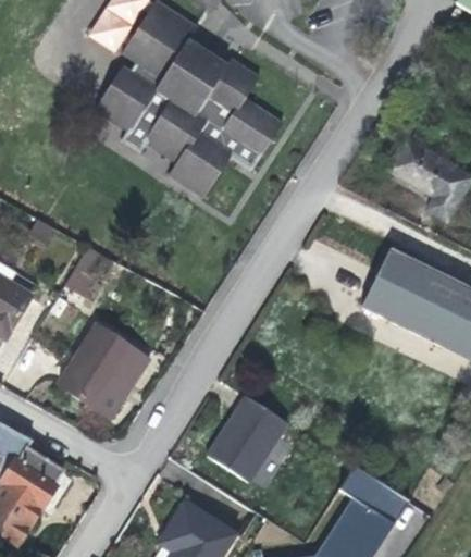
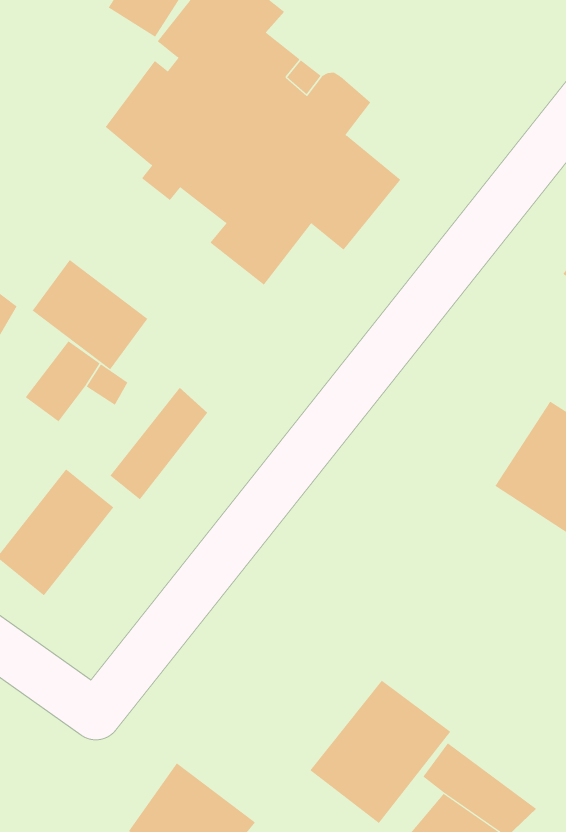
building: none -> [32,259,148,370]
building: [91,346,148,419] -> [110,387,208,500]
building: [203,392,288,481] -> [310,680,451,824]

